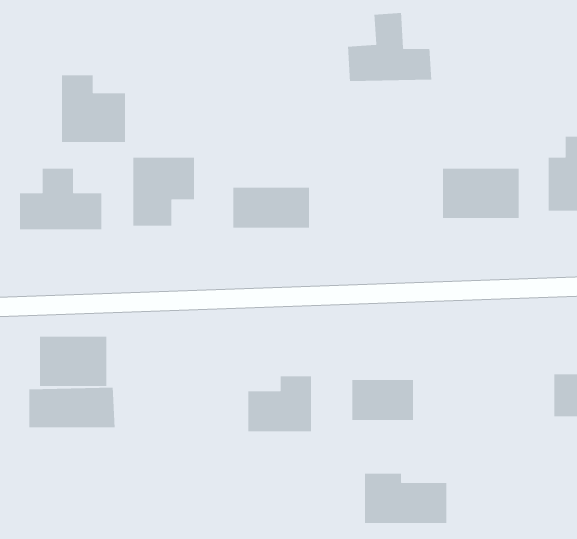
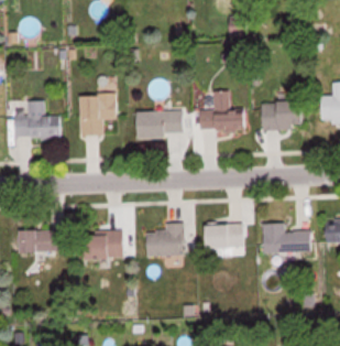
building: [347,12,432,82] -> [197,90,246,131]
building: [61,74,126,143] -> none
building: [39,336,107,387] -> [84,229,123,259]
building: [364,473,447,524] -> [262,223,310,252]

